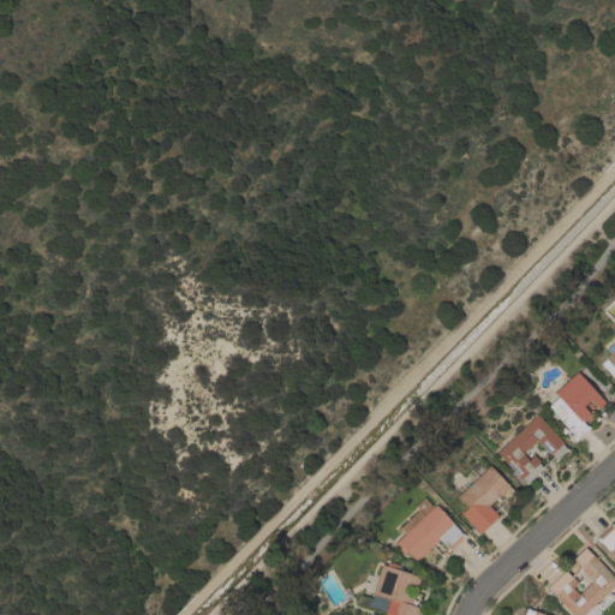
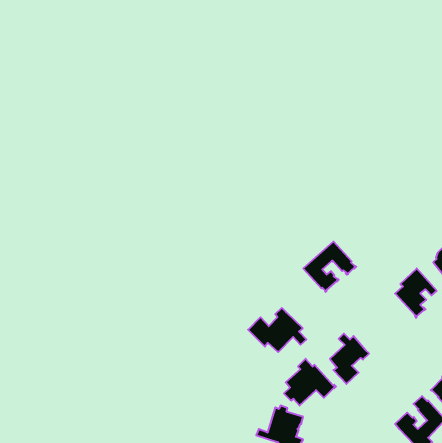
building: [497,416,571,485] -> [303,242,356,292]
building: none -> [248,308,306,352]

